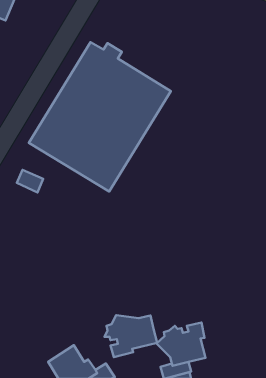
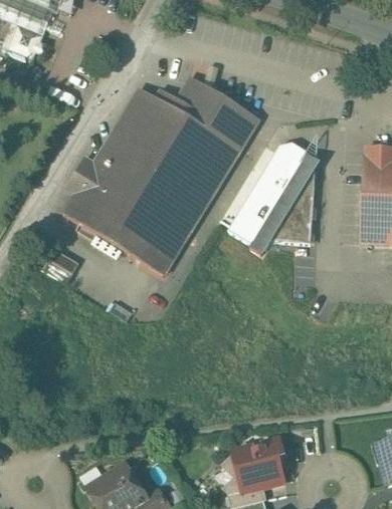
building: none -> [174,84,258,148]
building: none -> [227,142,315,252]
building: [105,315,157,357] -> none

